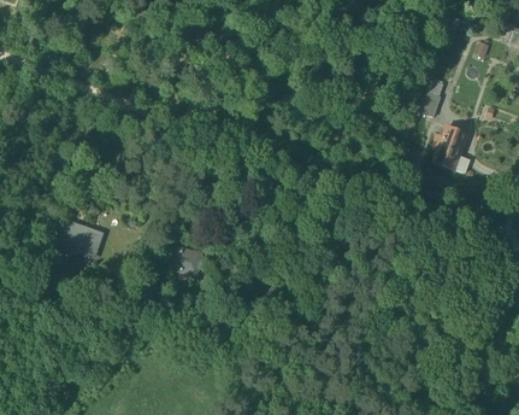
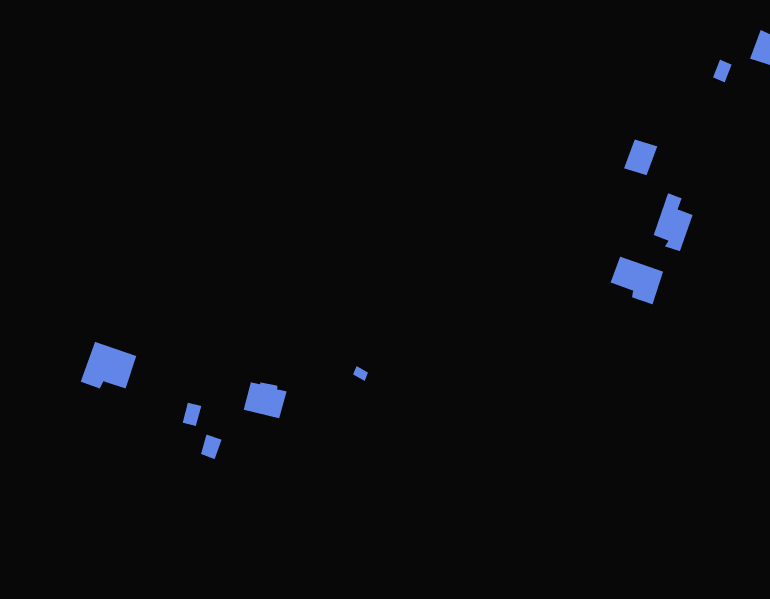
building: none -> [610,256,664,305]

